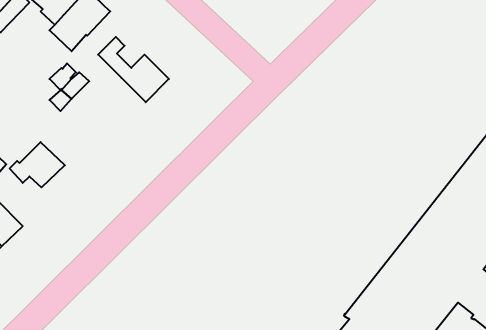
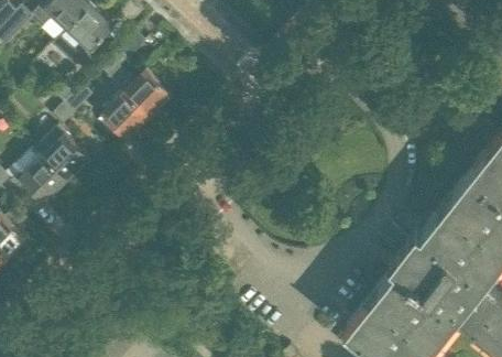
building: none -> [103,93,149,138]
building: none -> [37,128,89,180]

